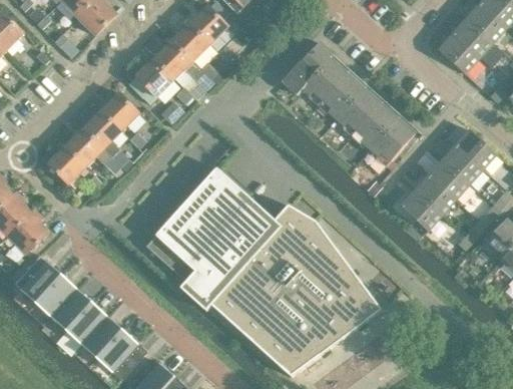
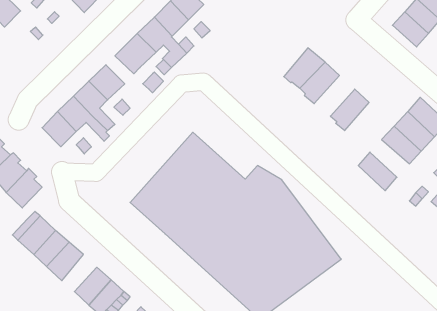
building: [282,41,344,105] -> none
building: [351,104,396,149] -> none
building: [413,175,457,218] -> none
building: [69,304,108,345] -> none

